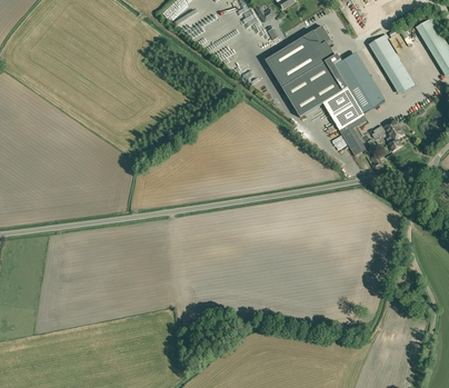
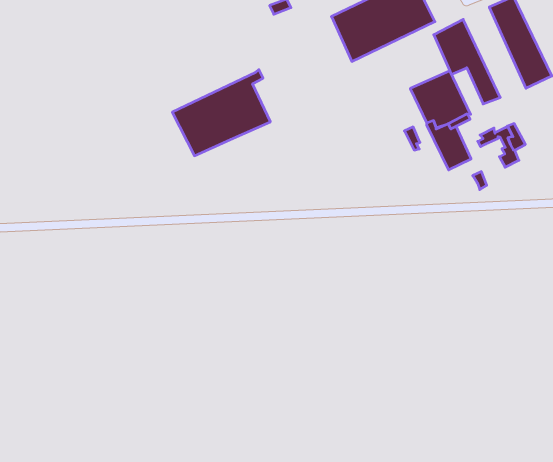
building: [281,54,348,117] -> [172,70,270,156]

